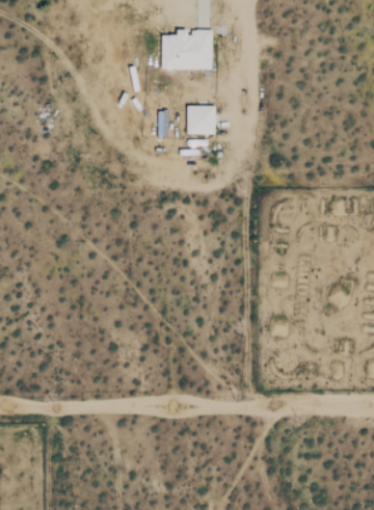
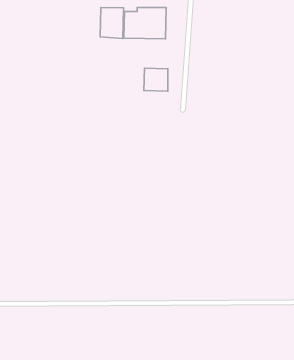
building: none -> [100,7,123,38]

